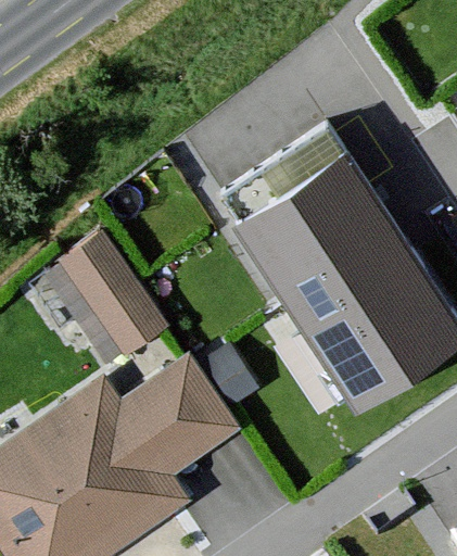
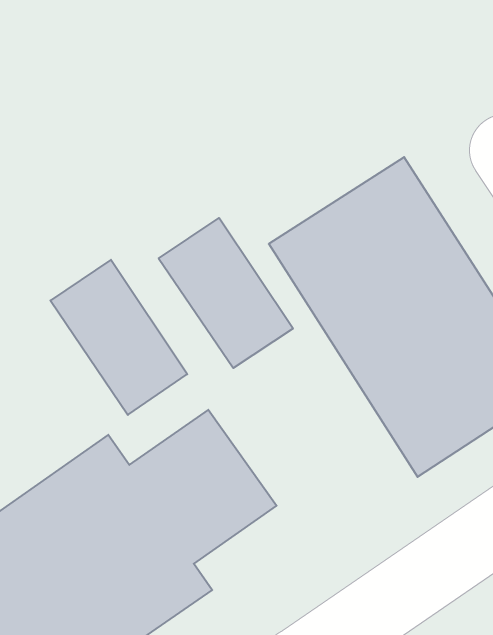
building: none -> [159,218,293,368]

